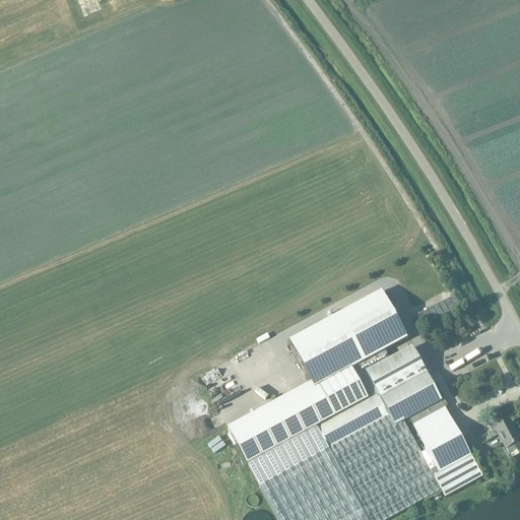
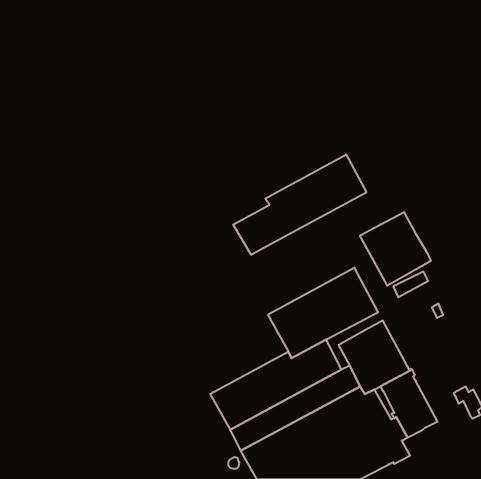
building: none -> [233,154,366,255]
building: none -> [360,212,431,286]
building: [352,348,391,398] -> none
building: [441,456,483,493] -> none

